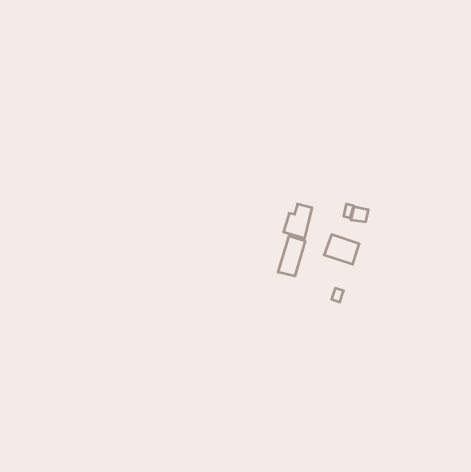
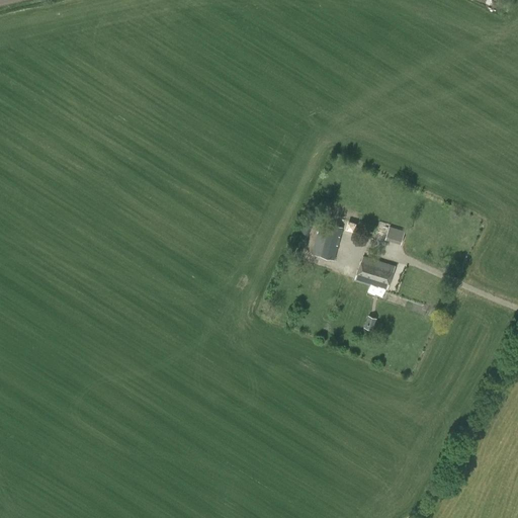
building: [278,236,305,276] -> none

